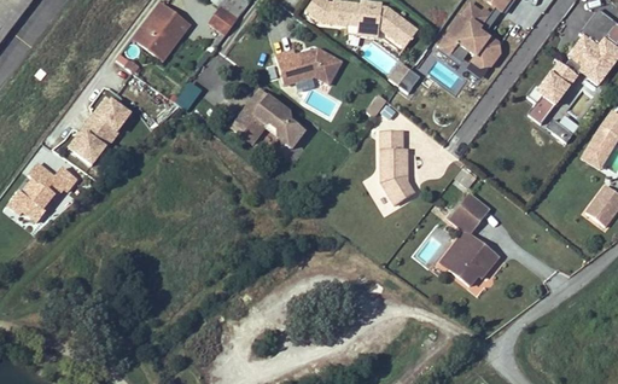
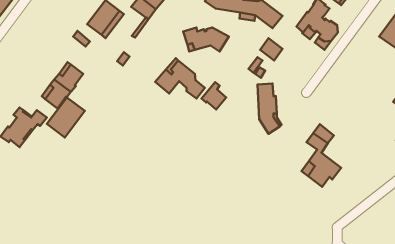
building: [526,62,578,142] -> none
building: none -> [202,82,226,109]
building: none -> [47,98,85,137]

